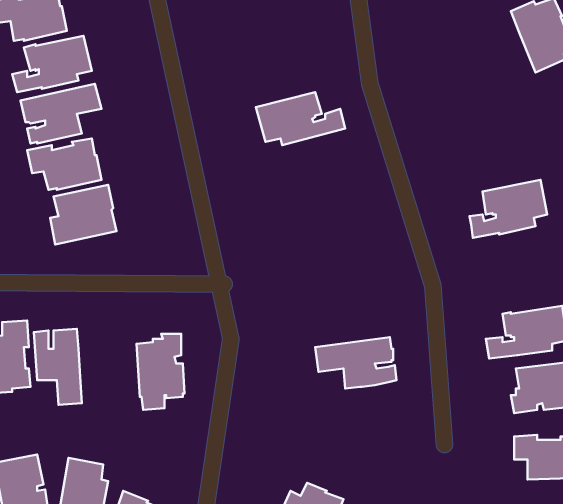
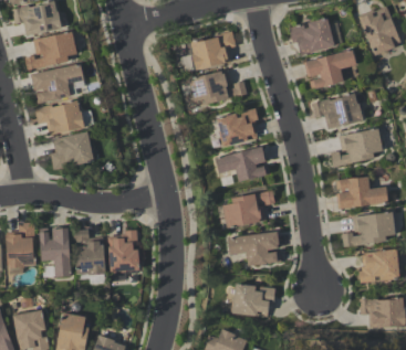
building: none -> [288,17,334,54]
building: none -> [180,30,236,72]
building: none -> [303,49,356,88]
building: none -> [312,92,363,129]
building: none -> [216,107,258,146]
building: none -> [215,146,270,182]
building: none -> [335,176,387,209]
building: none -> [222,190,274,227]
building: none -> [74,229,105,275]
building: none -> [230,284,274,317]

